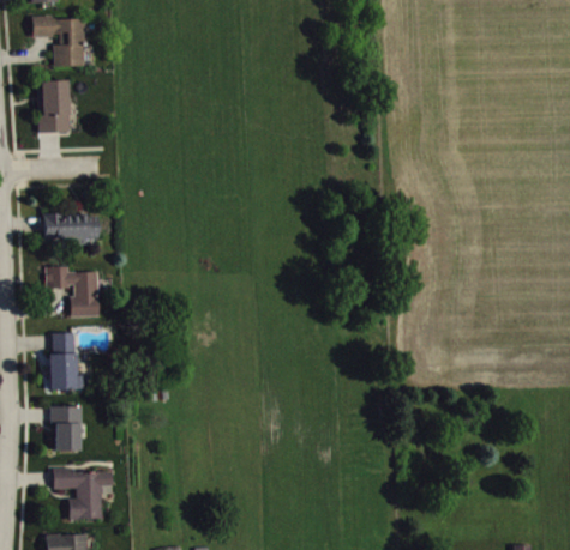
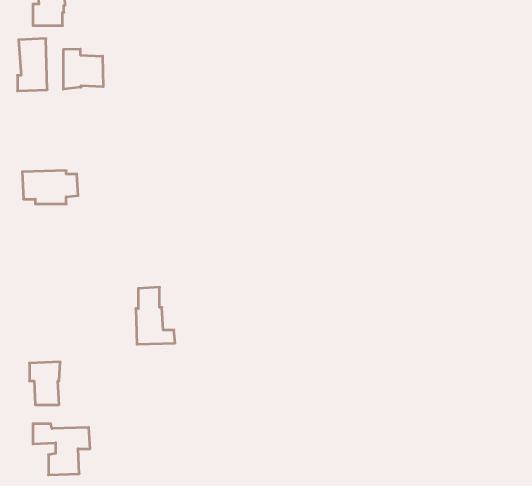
building: none -> [63,49,103,89]
building: [46,265,95,315] -> none
building: [49,332,89,389] -> [136,287,175,344]

